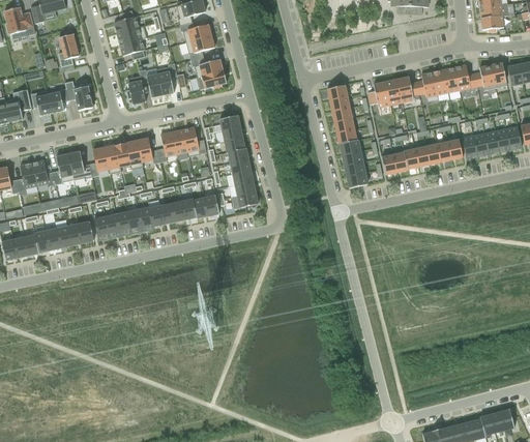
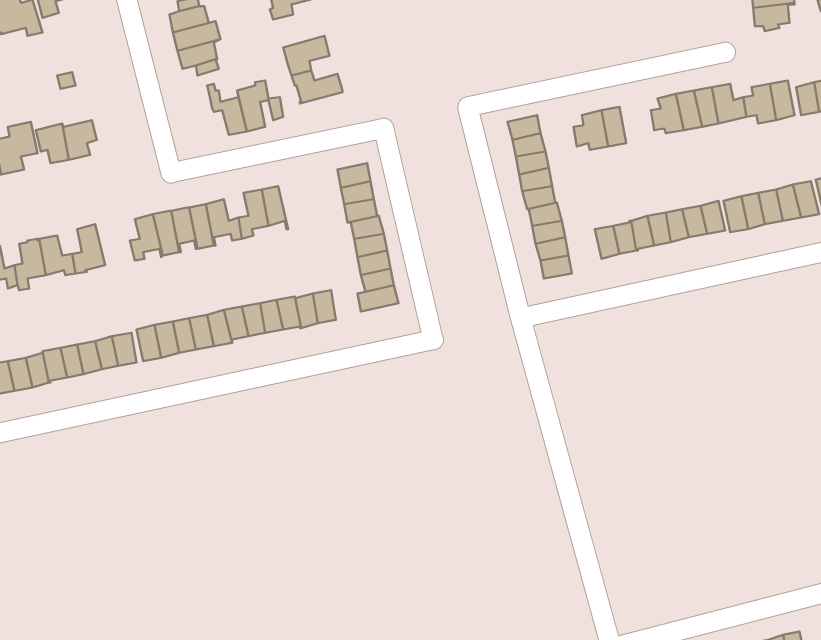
building: [179,22,211,42] -> none
building: [58,34,79,66] -> none
building: [196,70,227,90] -> none
building: [126,76,145,105] -> none
building: [396,77,419,102] -> none
building: [64,81,92,110] -> none
building: [182,126,206,156] -> none
building: [67,151,92,179] -> none

